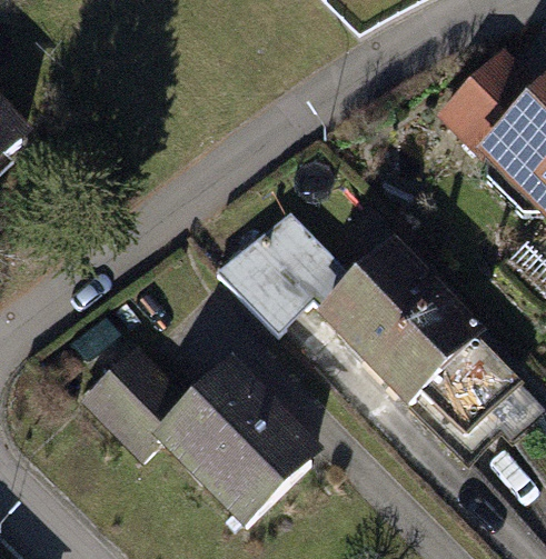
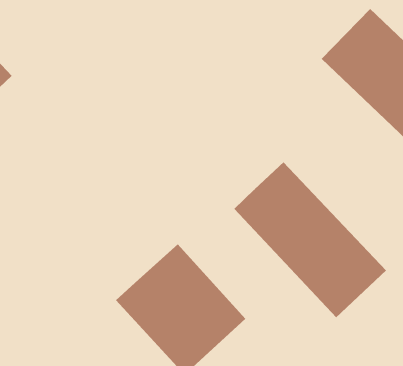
building: [214,210,348,331] -> none
building: [78,346,191,459] -> none

